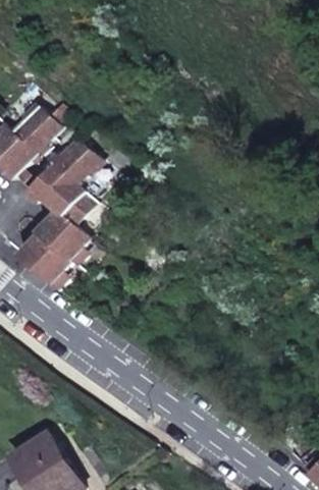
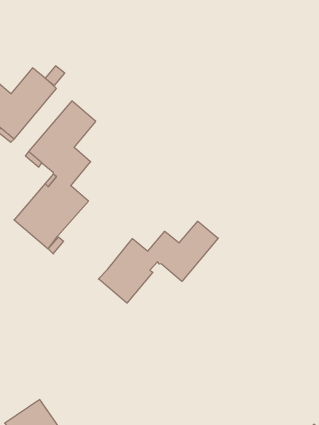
building: none -> [98,221,218,303]

